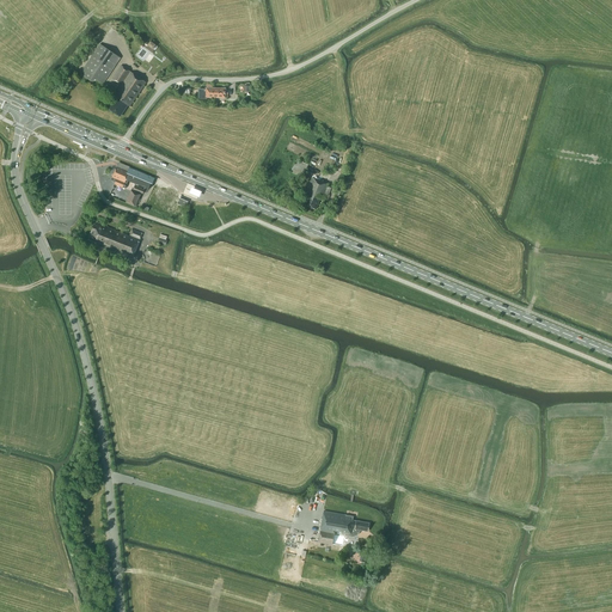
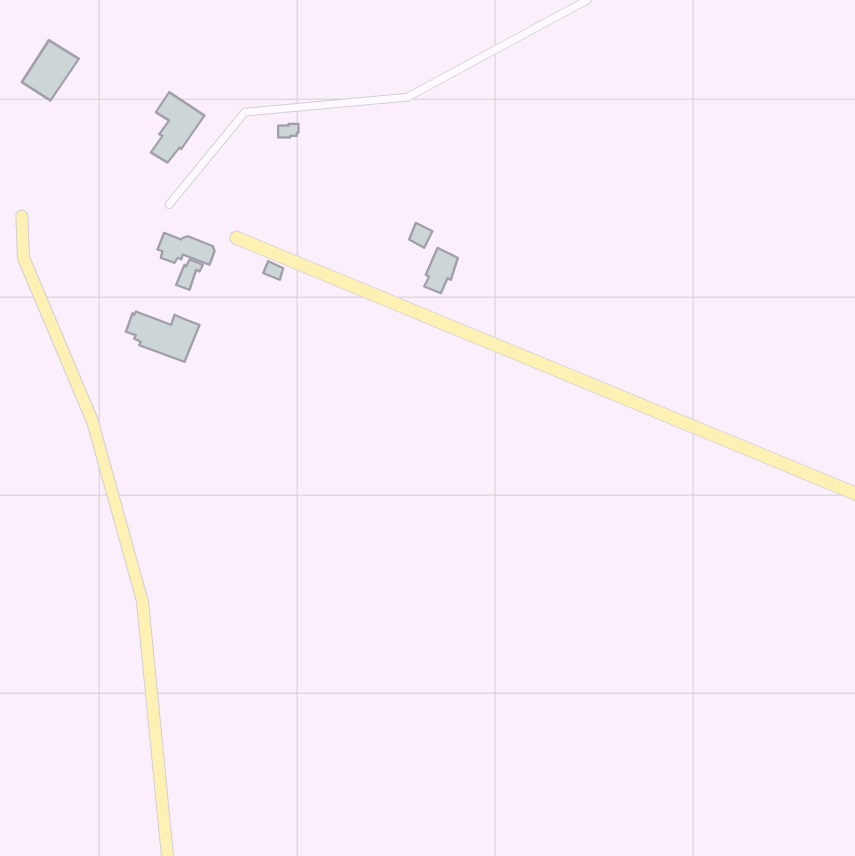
building: [81,44,122,87] -> [22,40,79,101]
building: [319,510,369,544] -> none

